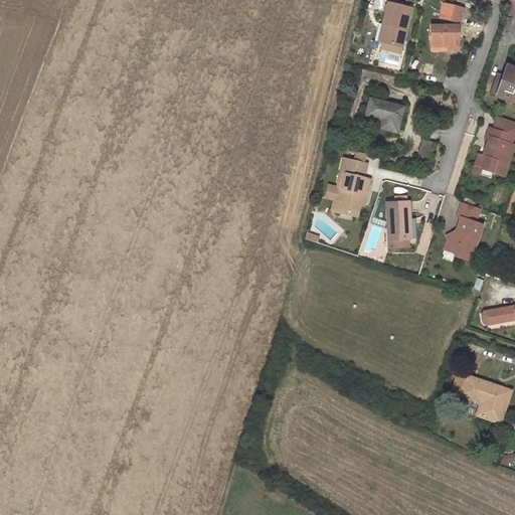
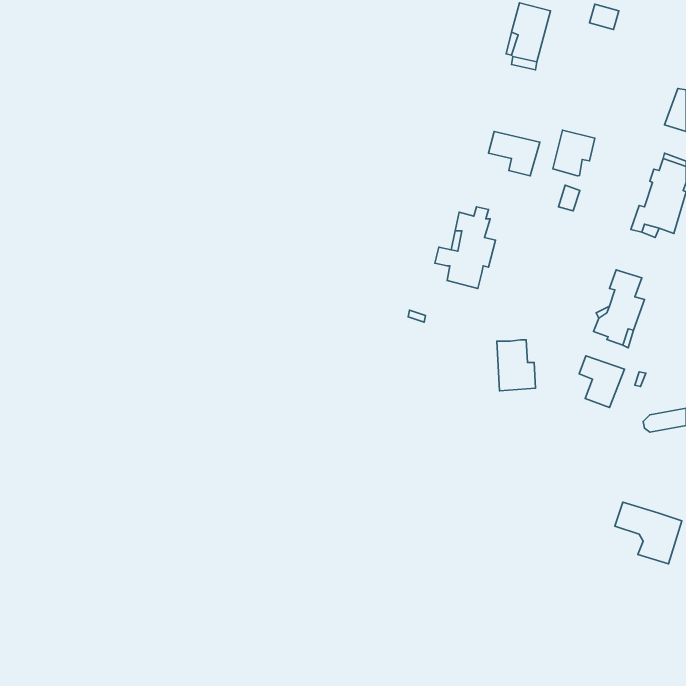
building: [432,26,459,47] -> none
building: none -> [553,130,595,176]
building: [387,201,416,239] -> [497,340,536,391]
building: none -> [579,356,625,407]

